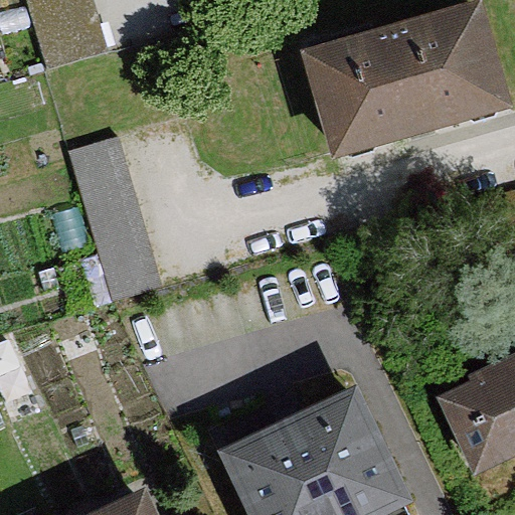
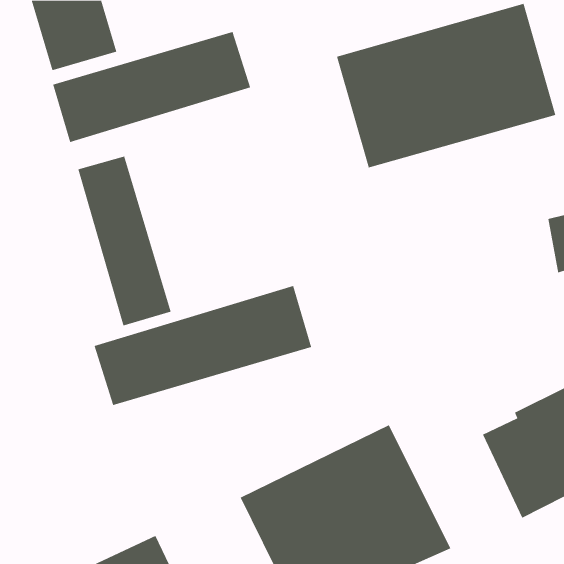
building: none -> [52,31,251,143]
building: none -> [94,285,312,406]

